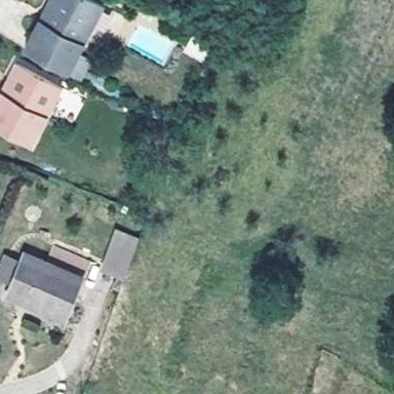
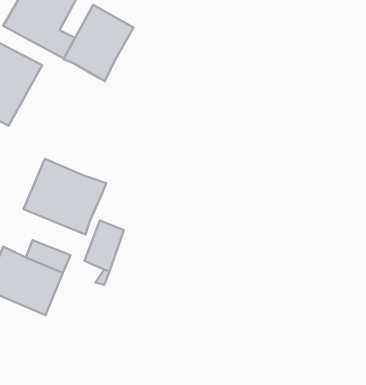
building: none -> [64,5,134,81]
building: none -> [24,159,106,235]

